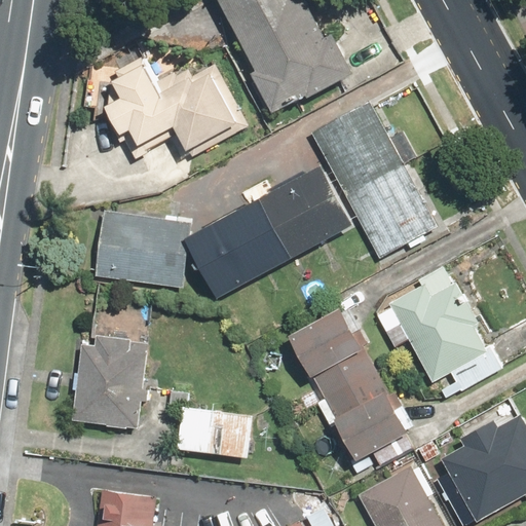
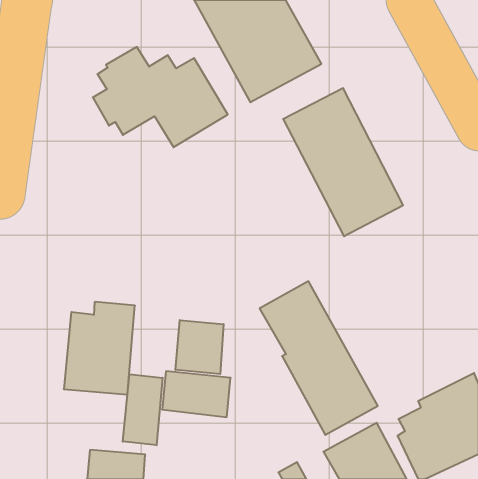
building: [95,166,351,299] -> none
building: [380,269,501,399] -> none
building: none -> [175,320,224,374]
building: none -> [123,374,163,445]

